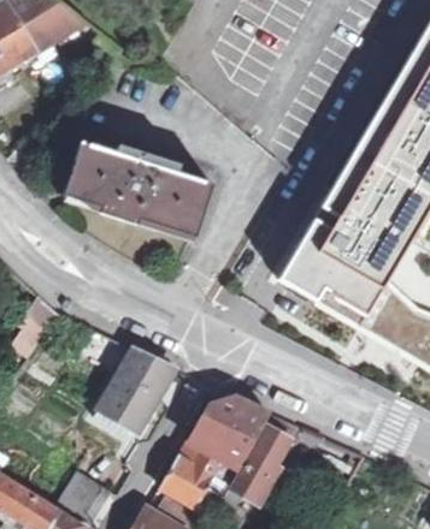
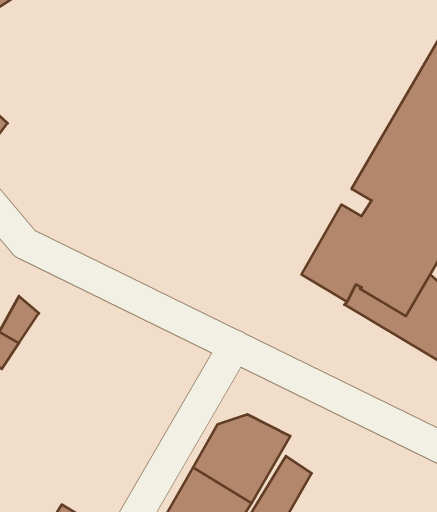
building: [63,138,211,233] -> none
building: [94,350,176,439] -> none

